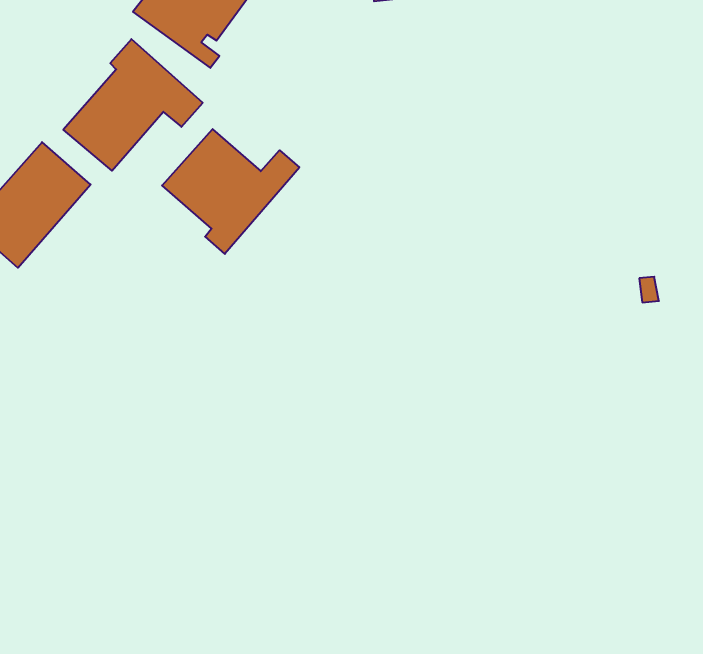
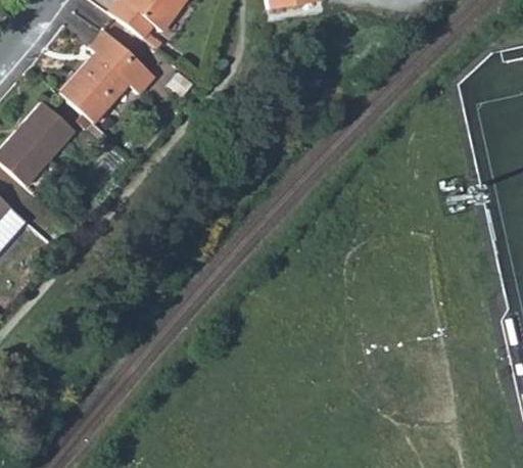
building: [162,129,299,254] -> none

